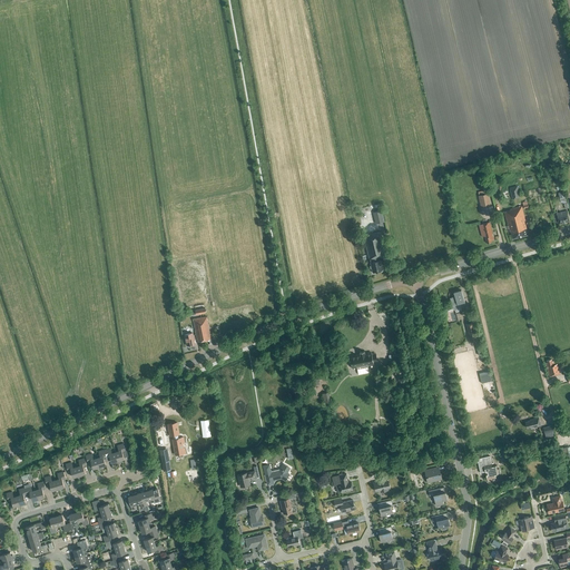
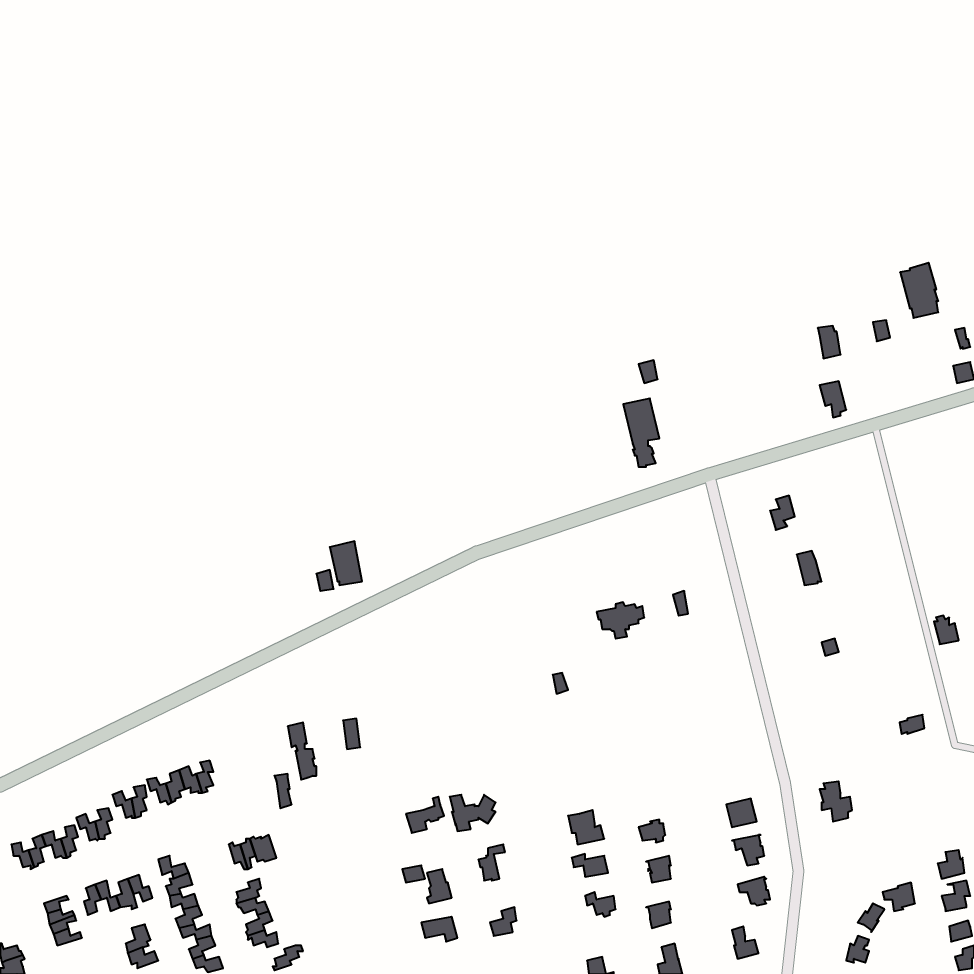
building: [504,206,527,238] -> [900,263,938,318]

